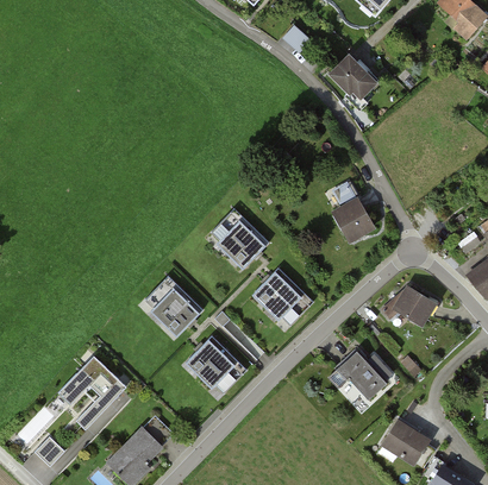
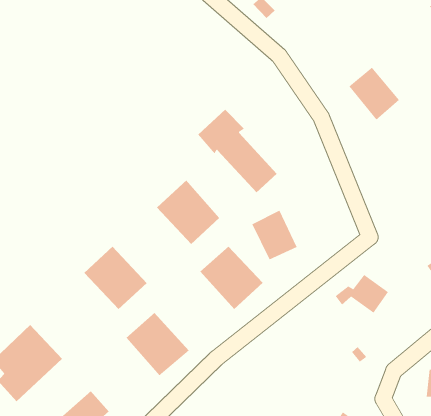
building: [327,55,377,106] -> [348,67,400,121]
building: none -> [197,109,278,193]
building: [329,197,374,246] -> [252,210,297,260]
building: [329,351,390,399] -> none

